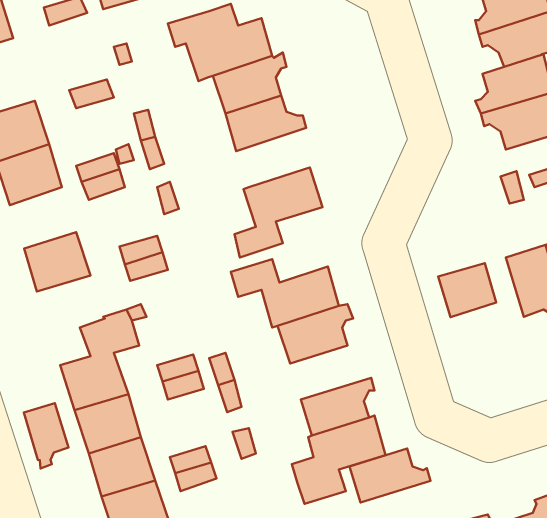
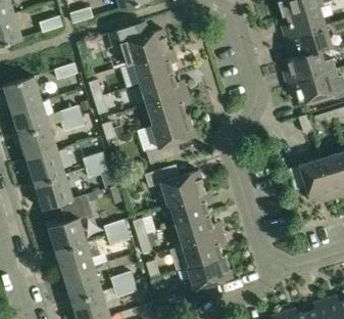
building: none -> [147,91,189,125]
building: none -> [18,125,56,159]
building: [438,263,496,317] -> none
building: none -> [34,175,72,210]
building: [24,403,68,469] -> none
building: [350,448,430,502] -> [178,215,224,245]

